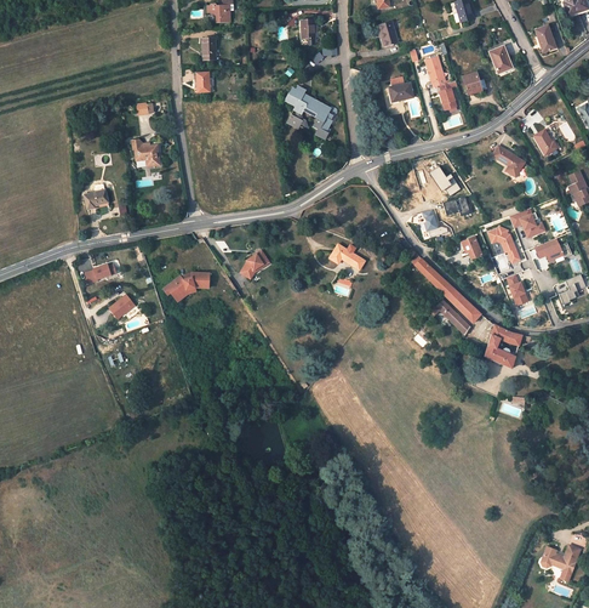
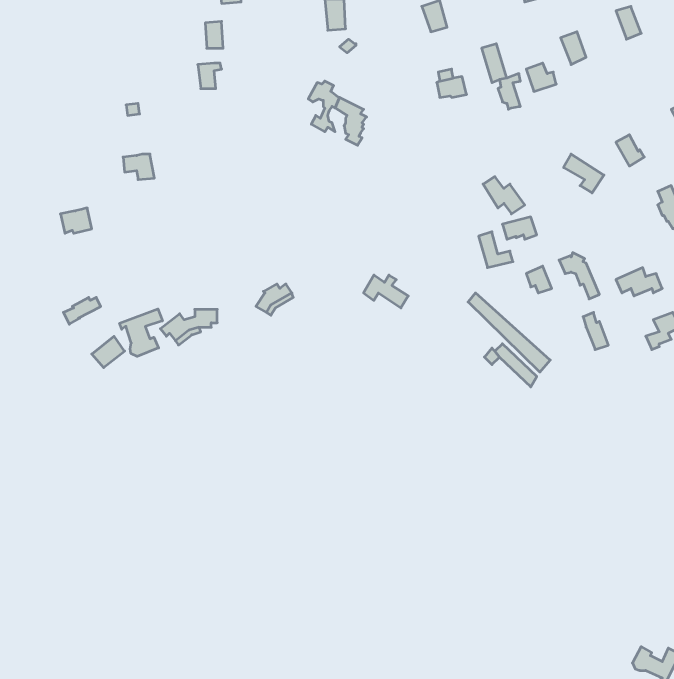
building: [510,209,548,237] -> none
building: none -> [120,309,162,356]
building: [485,324,522,368] -> none

